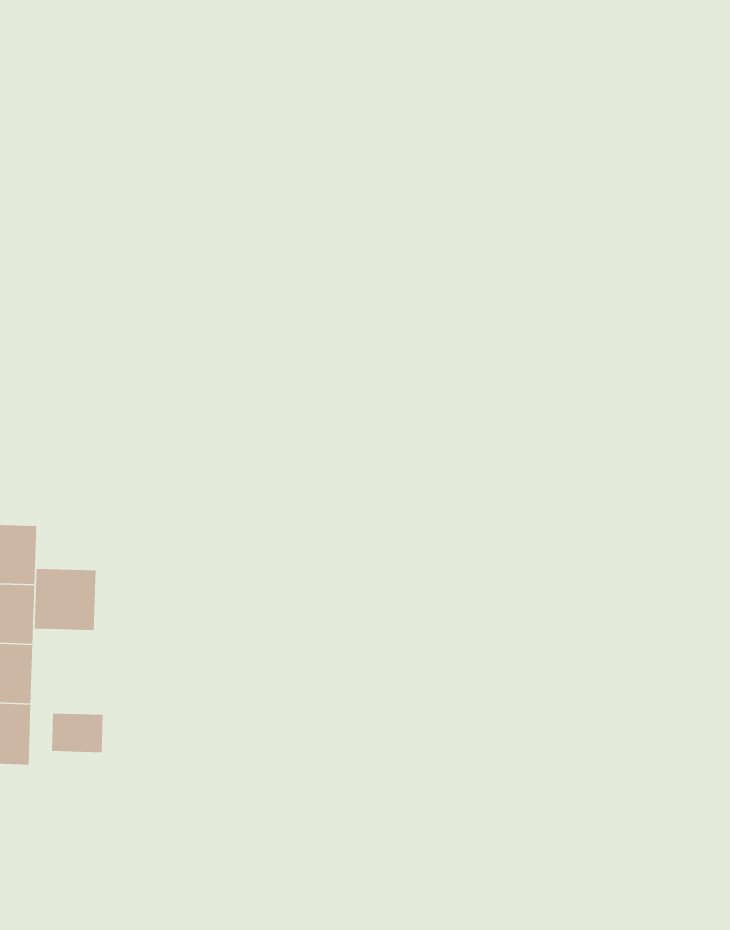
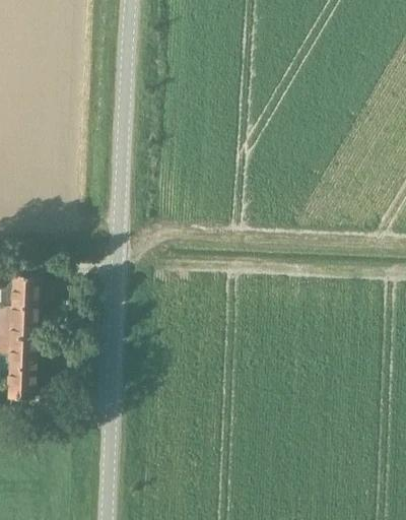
building: [34,568,97,631] -> none
building: [51,713,103,753] -> none

